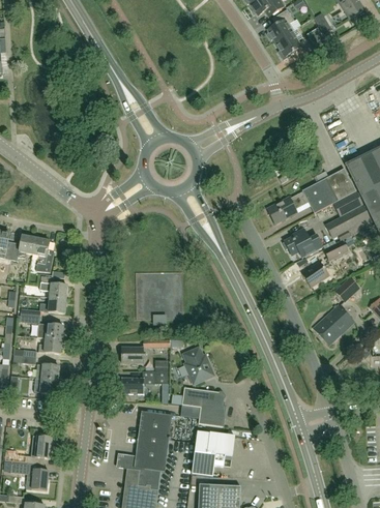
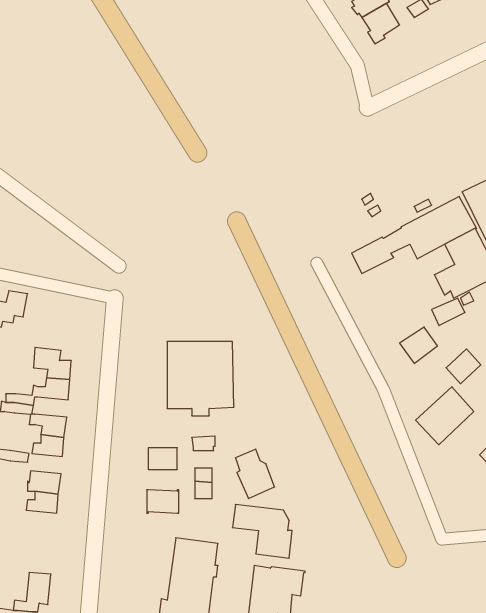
building: [283,228,322,257] -> none
building: [33,237,55,272] -> none

